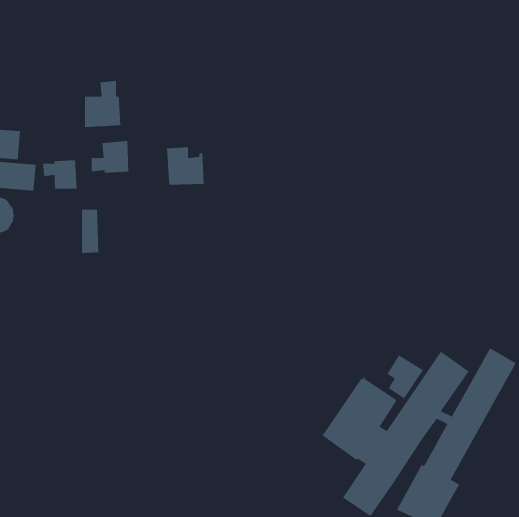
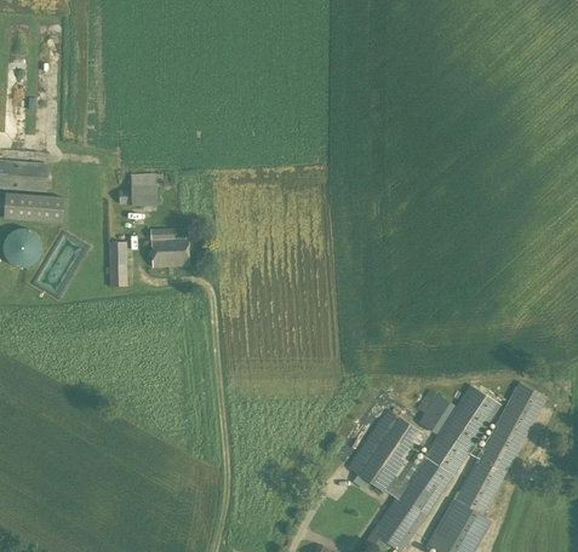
building: [84,80,121,128] -> none
building: [166,147,204,185] -> [149,228,188,266]
building: [43,160,77,190] -> none

